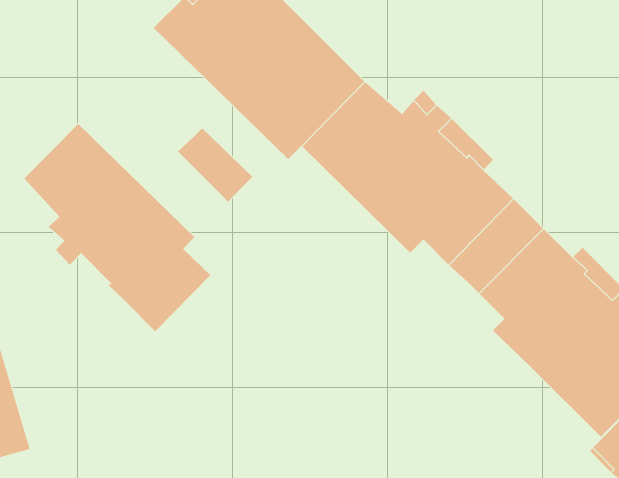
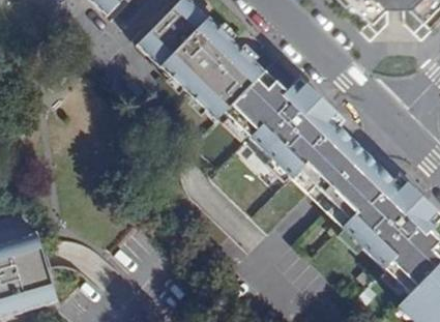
building: [23,123,211,332] -> none
building: [177,127,253,202] -> none

